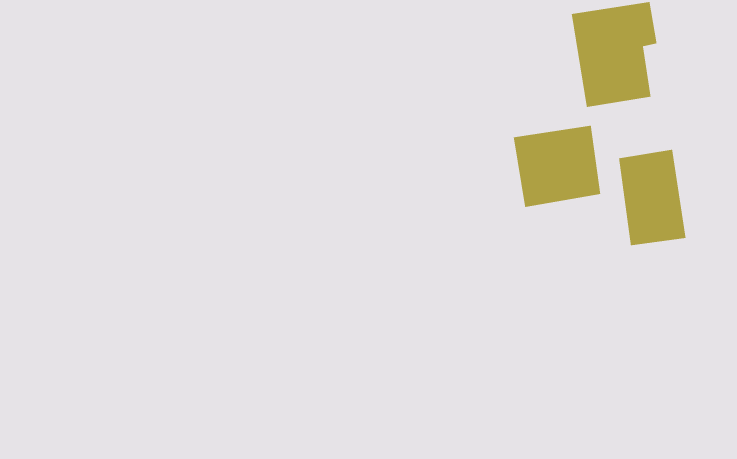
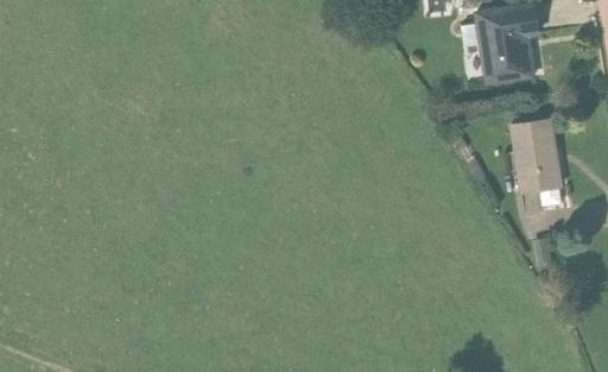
building: [513,125,601,208] -> none

